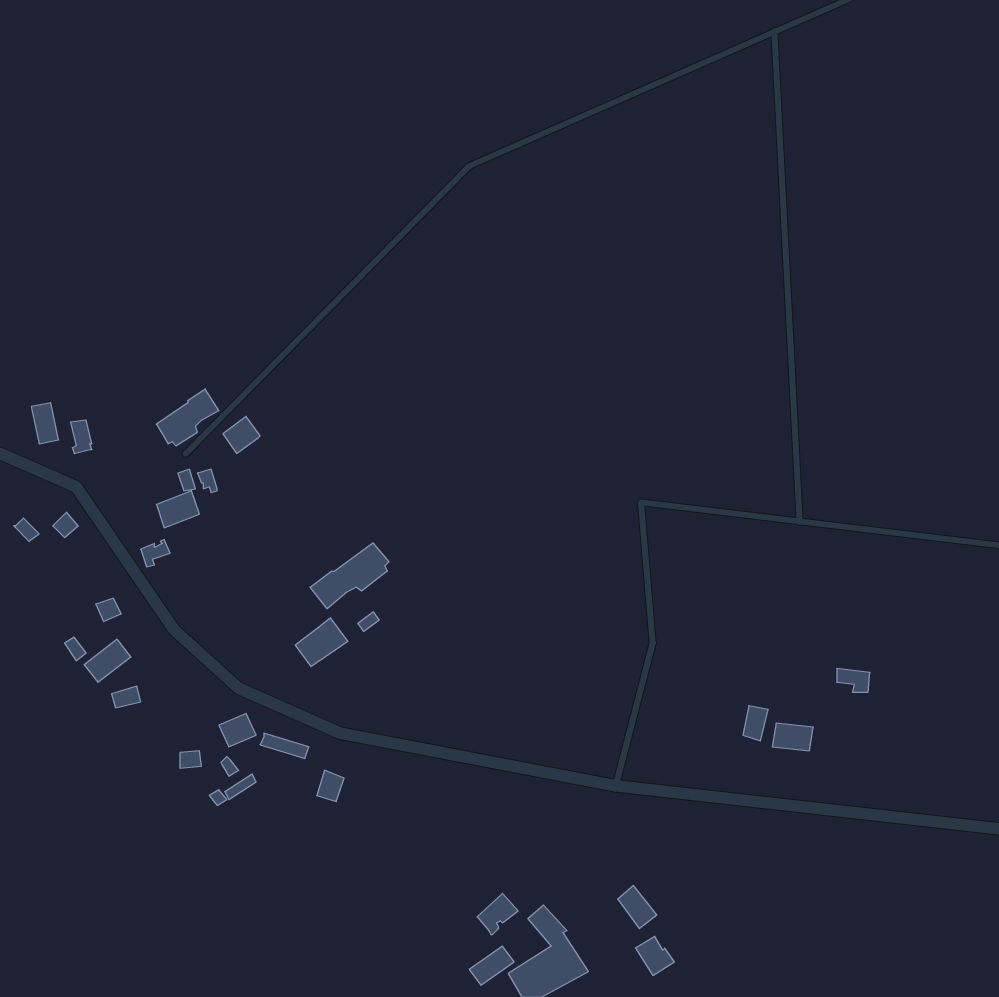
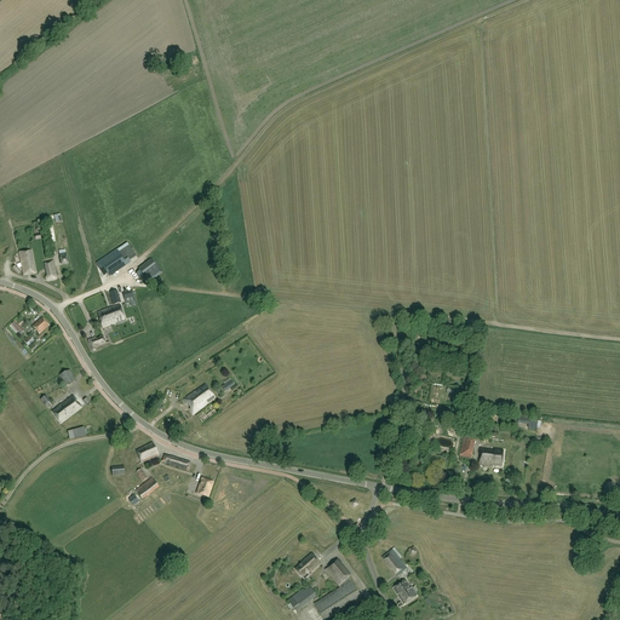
building: [310,543,389,609] -> none

